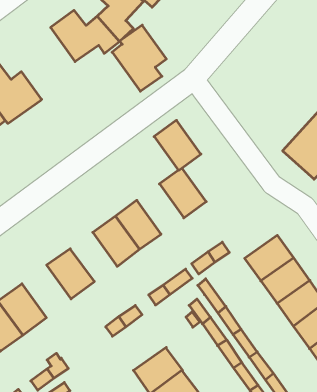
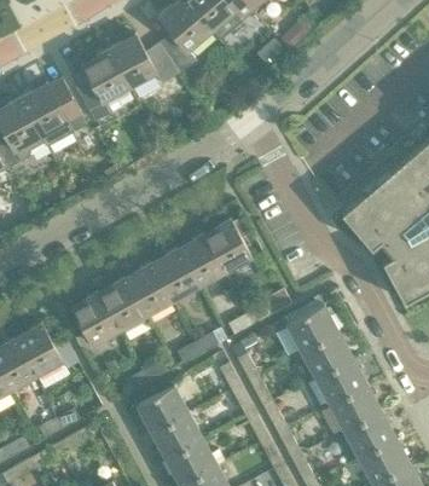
building: [112,25,166,91] -> [70,50,128,121]
building: [154,120,201,170] -> [176,233,225,288]
building: none -> [98,277,146,330]
building: none -> [135,386,189,432]

